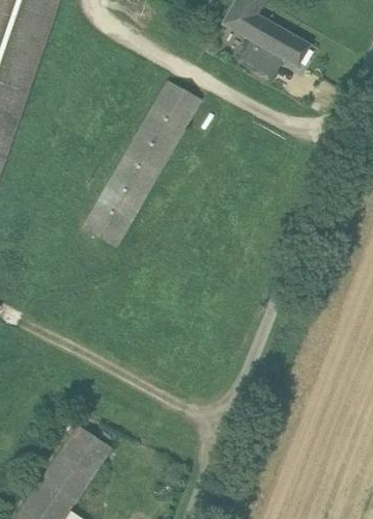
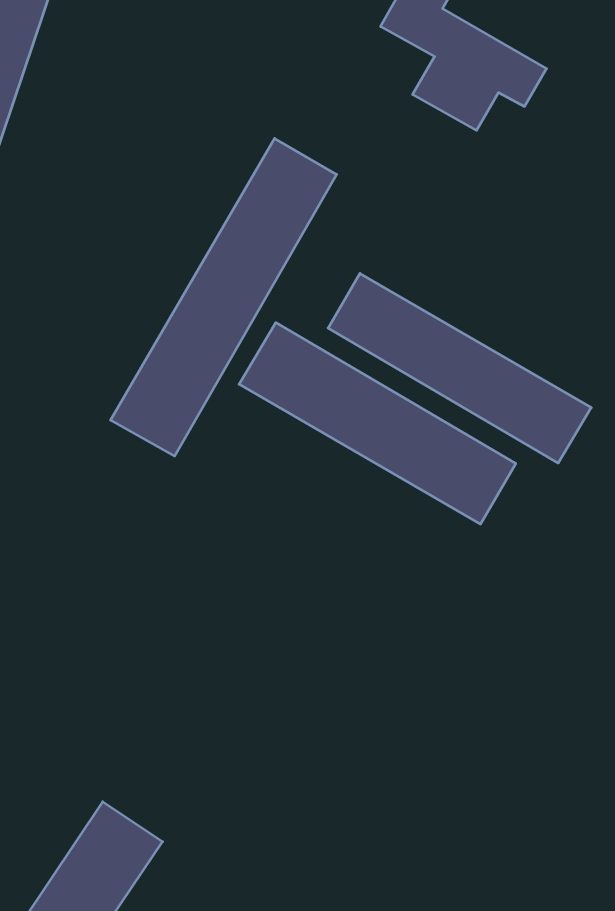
building: none -> [328,273,591,463]
building: none -> [239,323,516,524]

